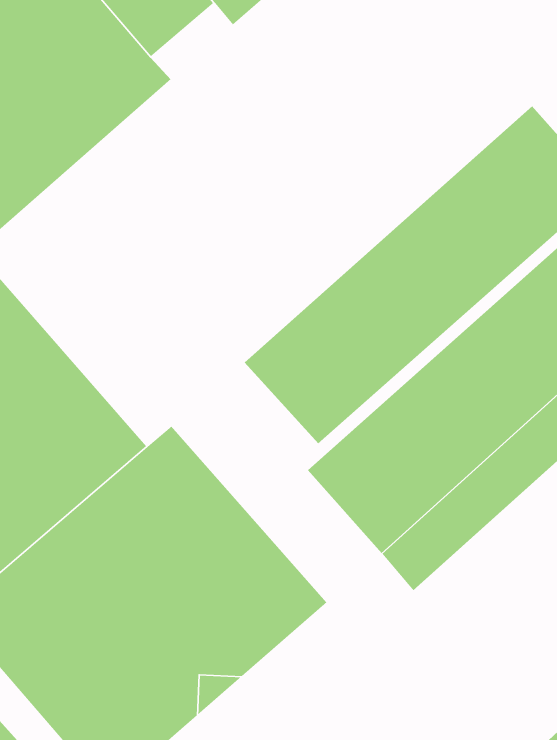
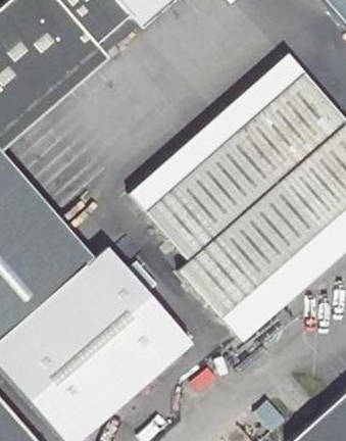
building: none -> [133,53,306,212]

